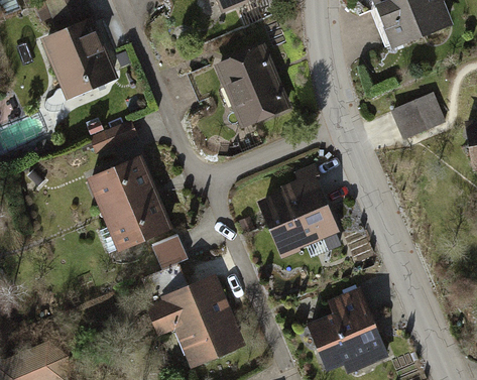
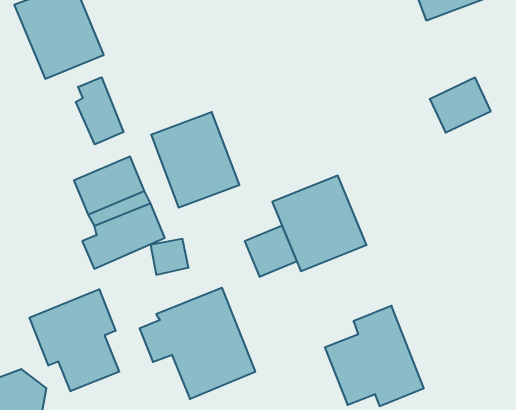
building: [215,43,289,124] -> [151,112,239,208]
building: none -> [76,77,124,144]
building: none -> [245,225,297,277]
building: none -> [30,289,119,391]

